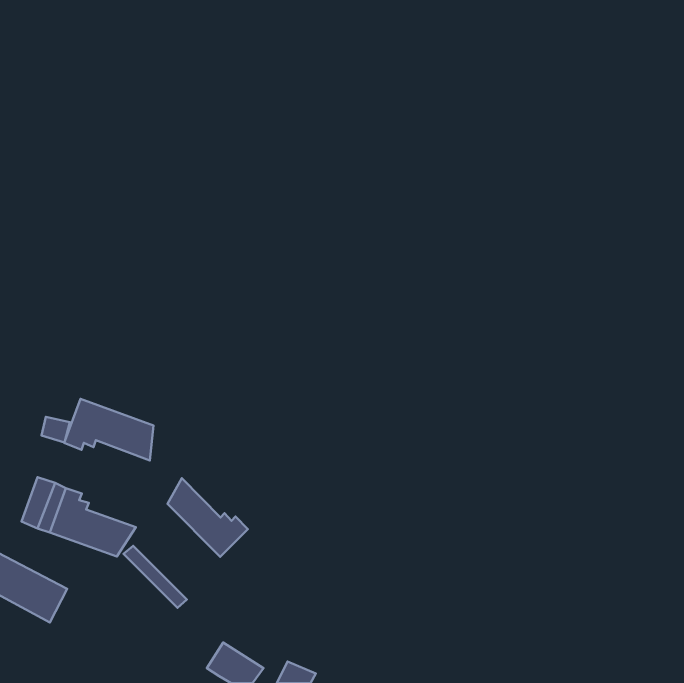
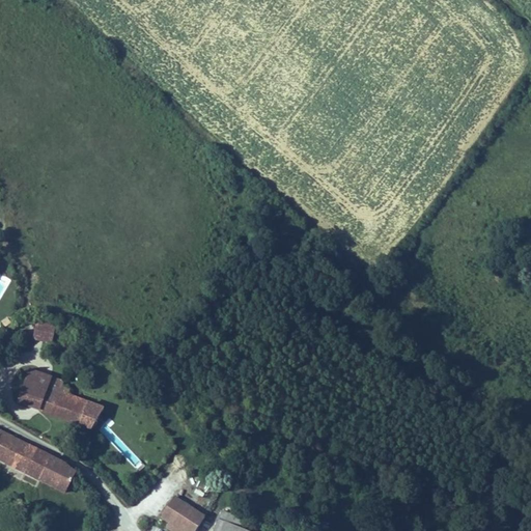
building: [64,399,154,461] -> none
building: [167,478,248,557] -> none
building: none -> [38,454,75,494]

